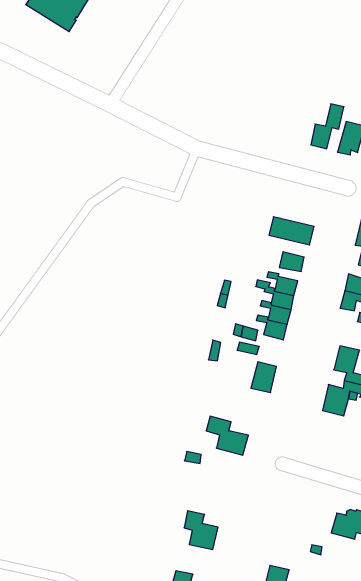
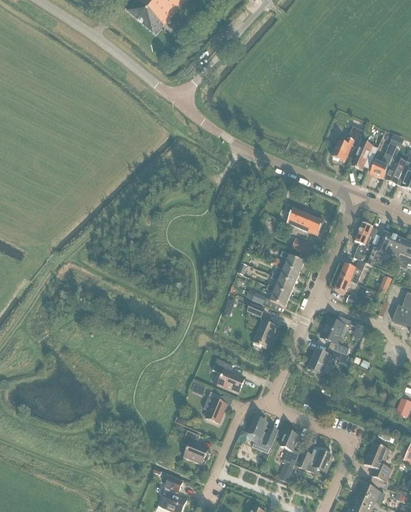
building: none -> [206,390,227,422]
building: none -> [248,415,278,446]
building: none -> [280,429,300,472]

